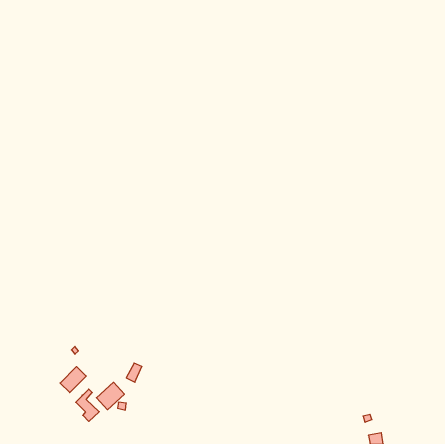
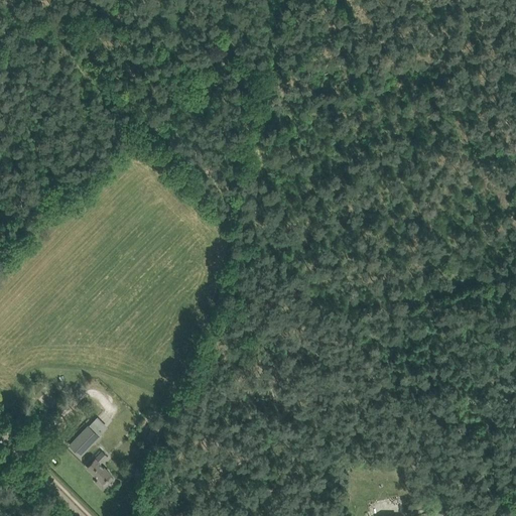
building: [96,382,124,410] -> none

